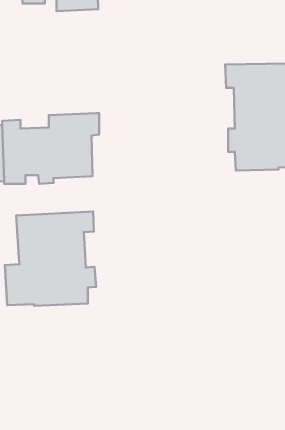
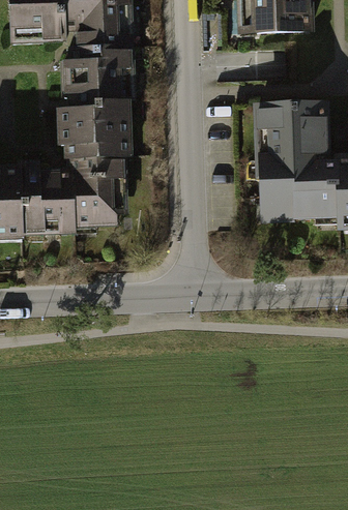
building: none -> [59,47,132,159]
building: [5,211,96,306] -> none

